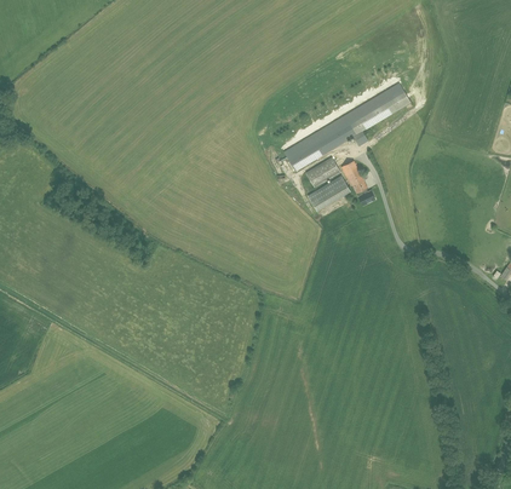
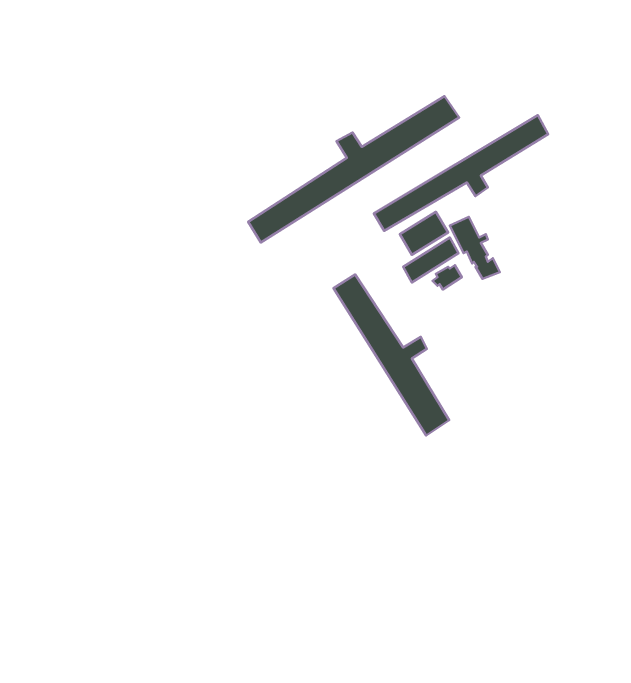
building: none -> [248,96,459,242]
building: none -> [333,274,449,436]

